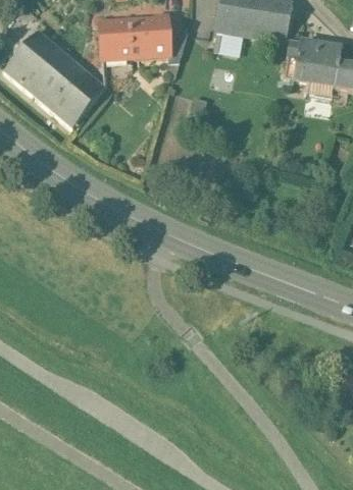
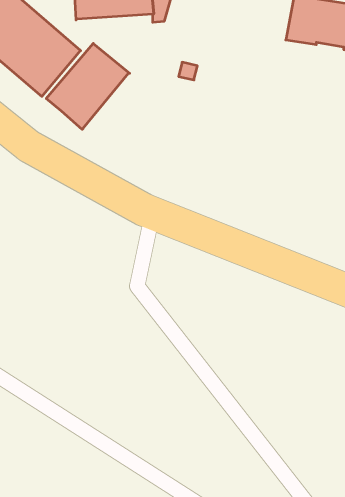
building: none -> [46,43,130,129]

